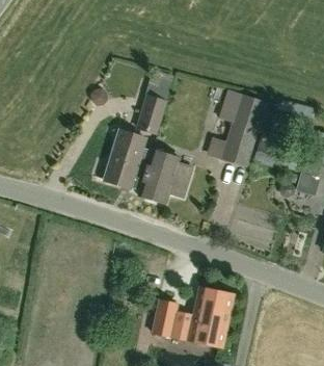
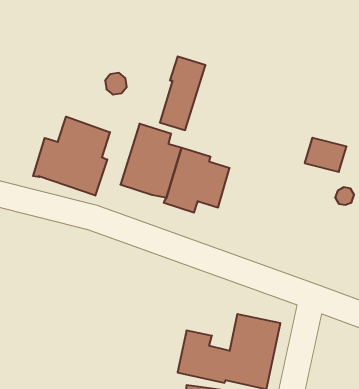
building: [218,94,266,167] -> none
building: none -> [33,117,110,196]

